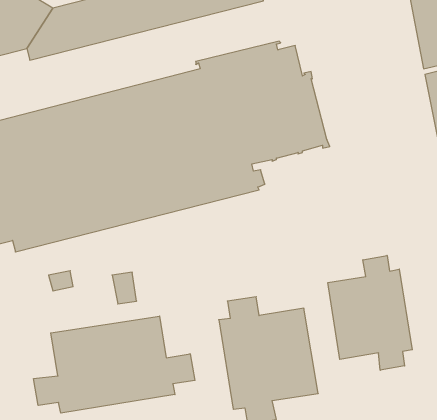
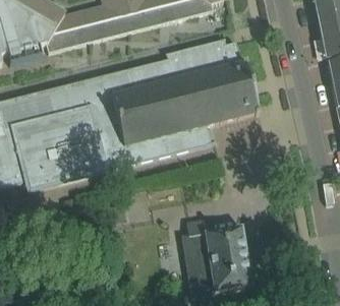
building: [328,255,412,370] -> none
building: [34,316,195,413] -> none

